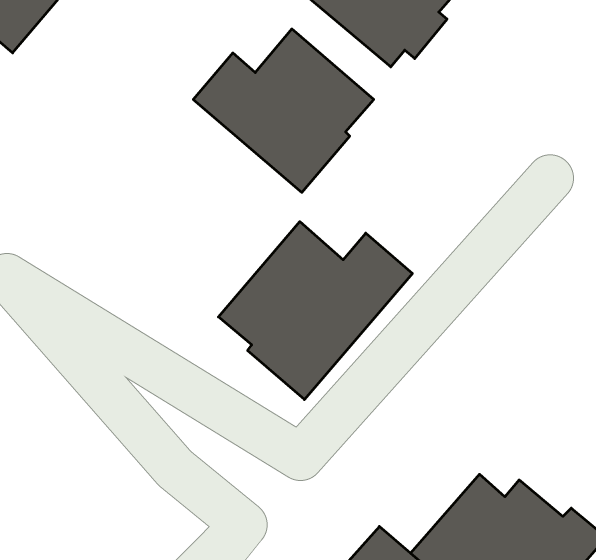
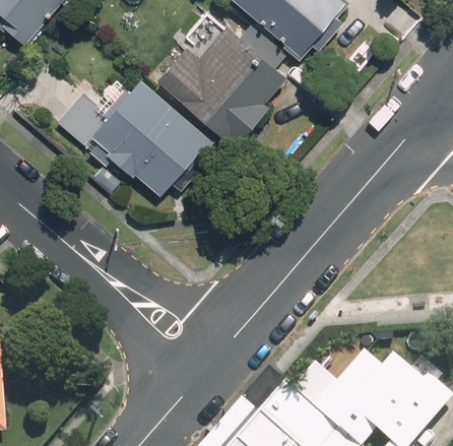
building: none -> [57,77,209,196]
building: [218,222,412,400] -> none

